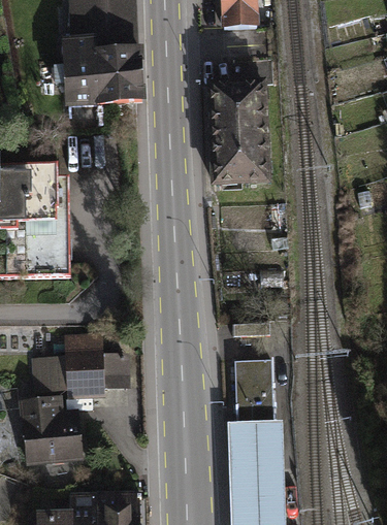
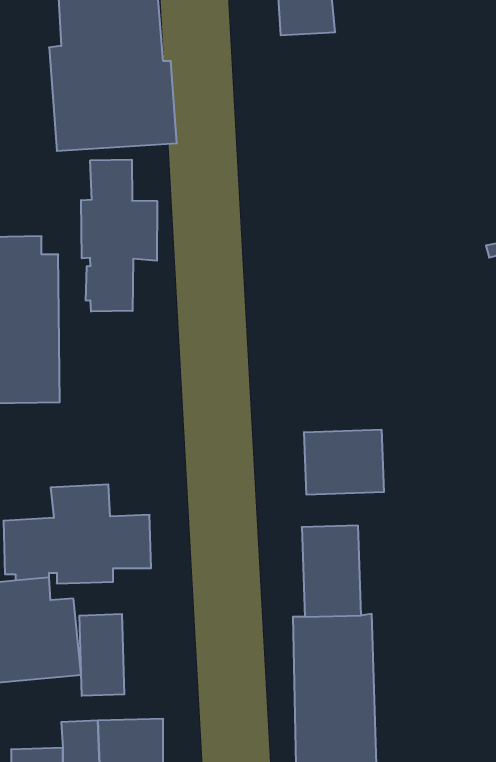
building: [202,78,268,187] -> none
building: none -> [81,160,157,312]
building: none -> [304,430,384,495]
building: none -> [79,614,124,696]

